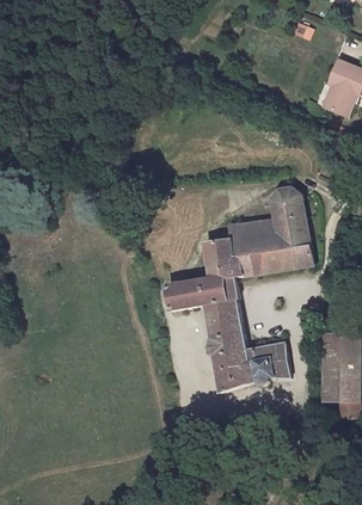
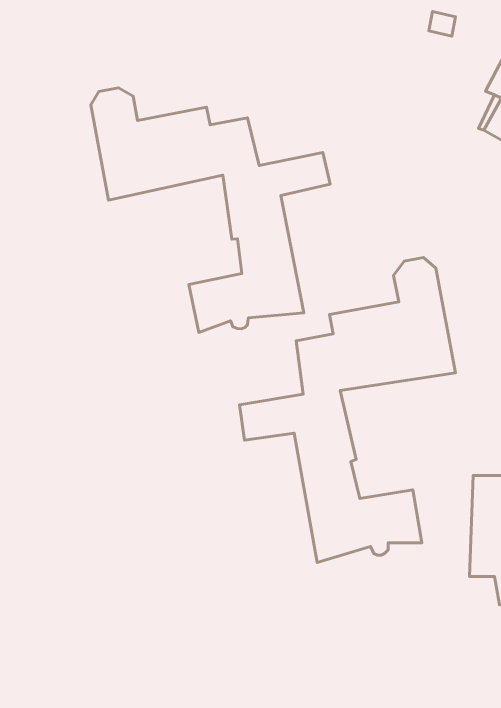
building: none -> [91,88,330,332]

